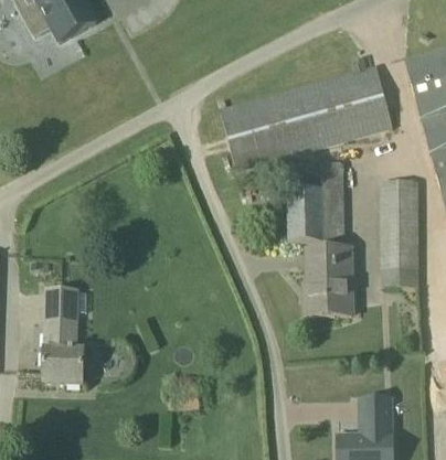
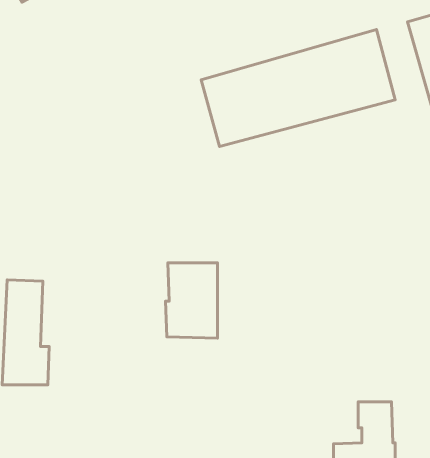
building: [287,162,341,242] -> none
building: [382,182,417,287] -> none
building: [304,249,350,317] -> [165,263,217,338]

